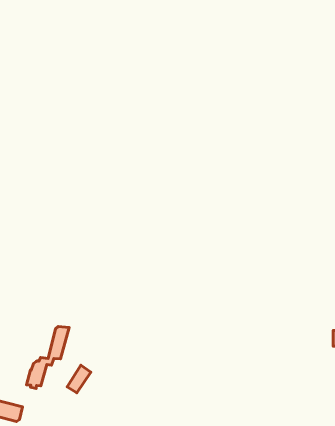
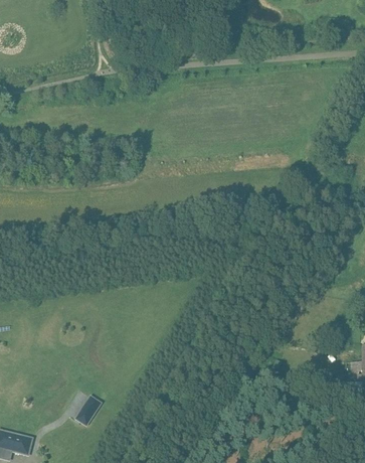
building: [27,327,69,388] -> none

